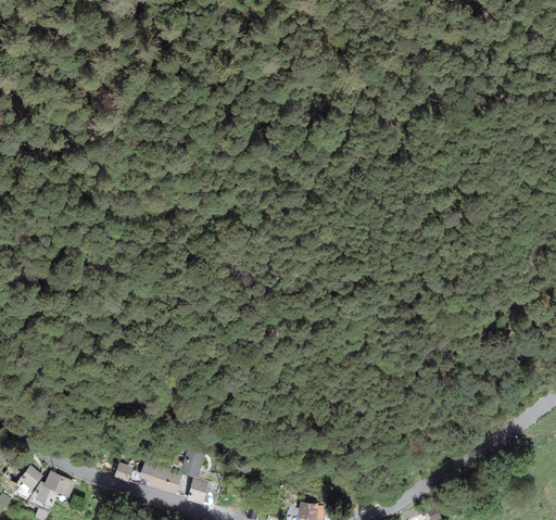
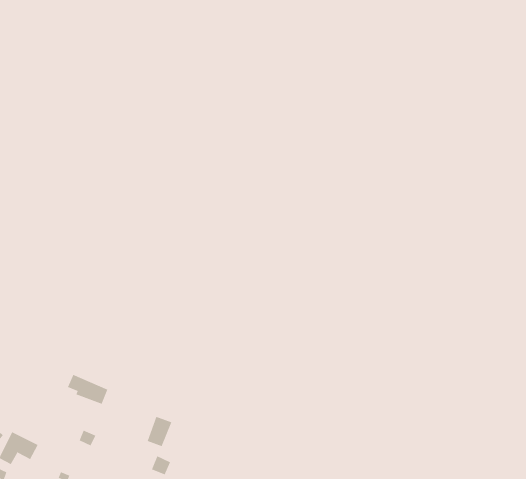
building: [140,464,180,491] -> [67,374,108,405]

